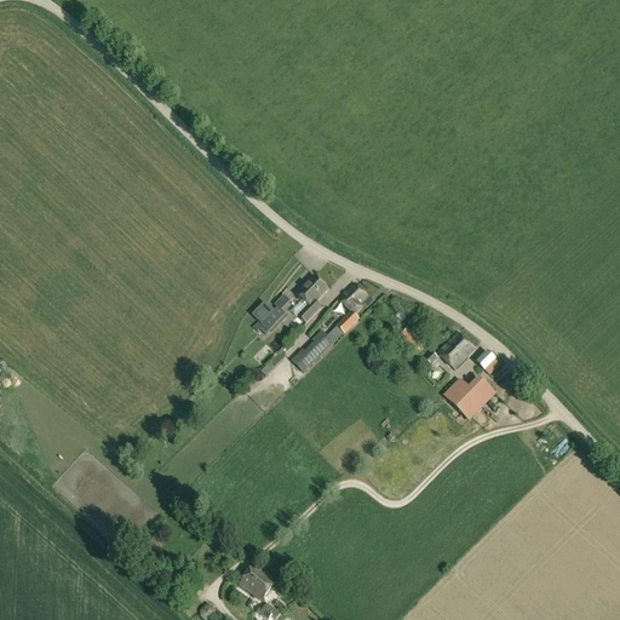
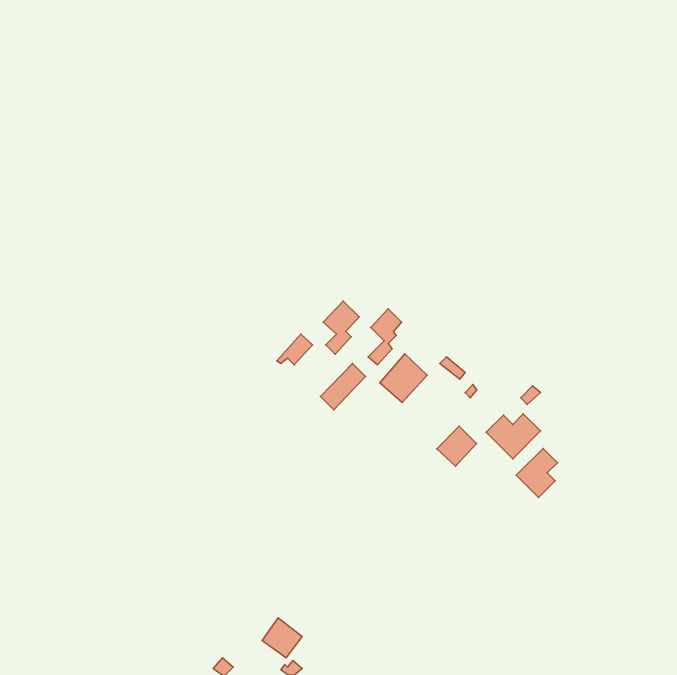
building: none -> [380,354,427,402]
building: [437,332,473,368] -> [437,426,477,466]
building: none -> [516,448,557,497]

